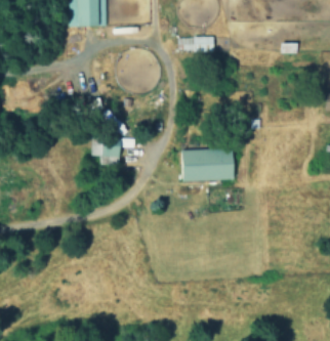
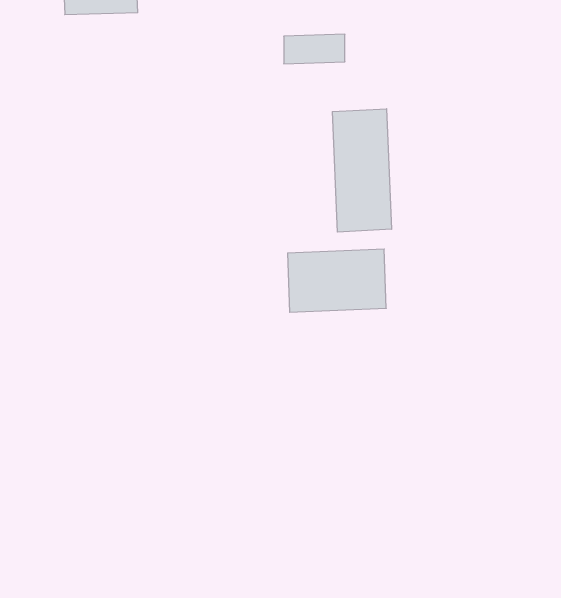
building: none -> [332,109,392,232]
building: [90,138,121,166] -> none

